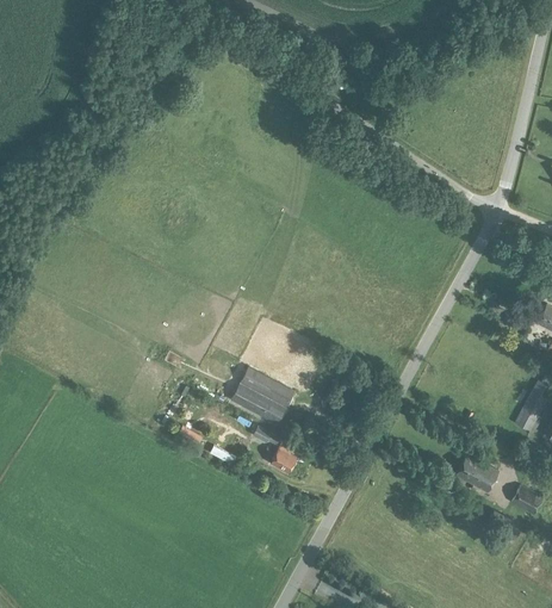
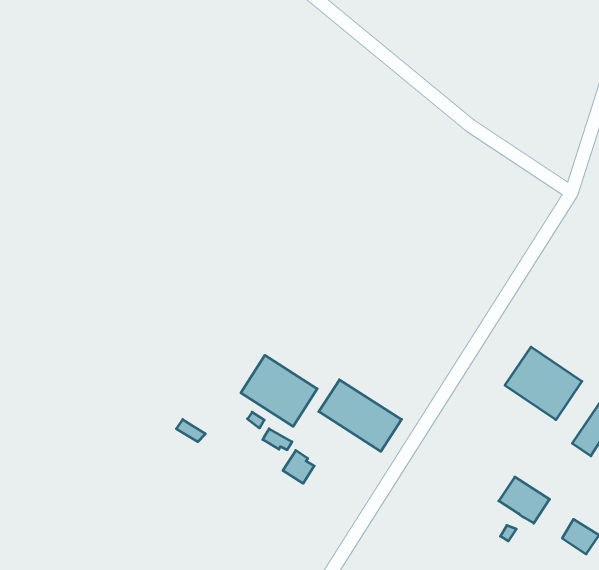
building: none -> [505,347,582,420]
building: none -> [319,380,402,451]

